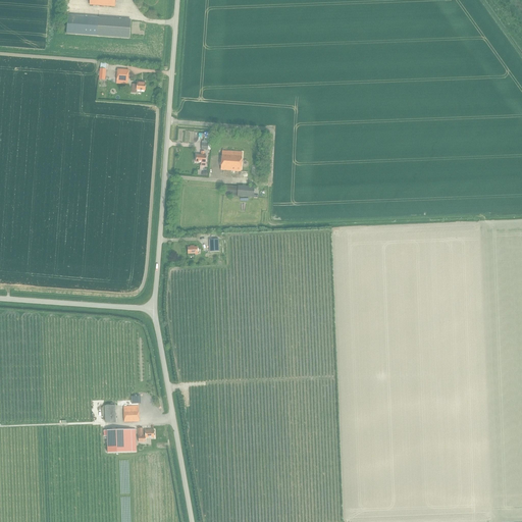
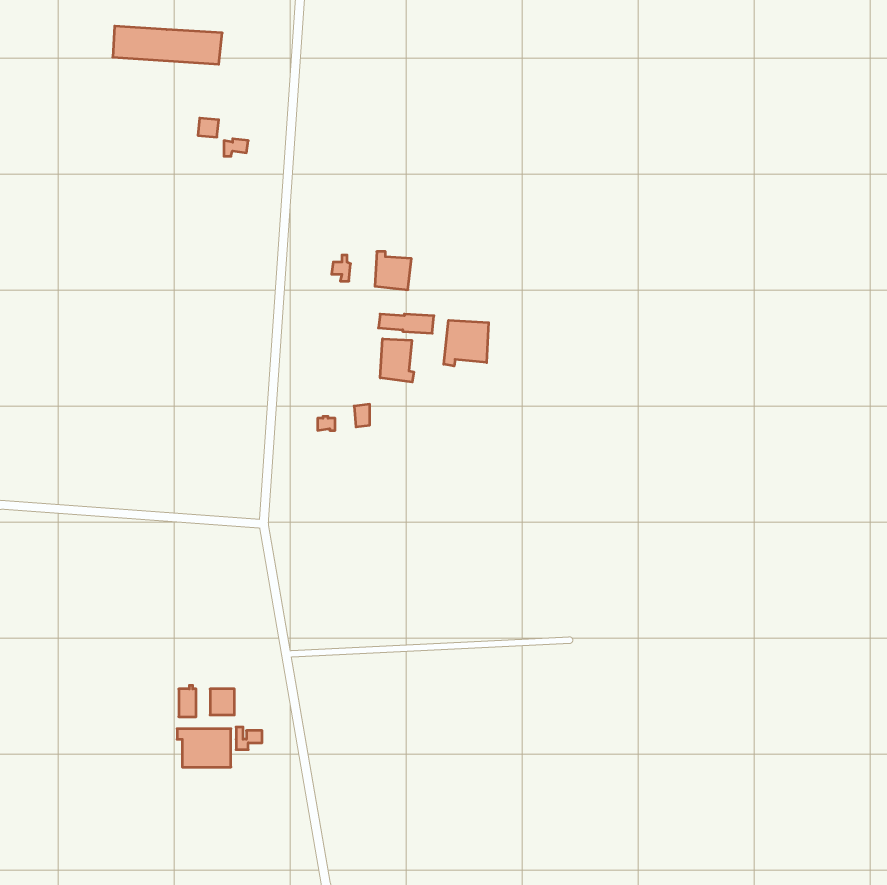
building: none -> [444,320,489,366]
building: none -> [380,339,414,382]

